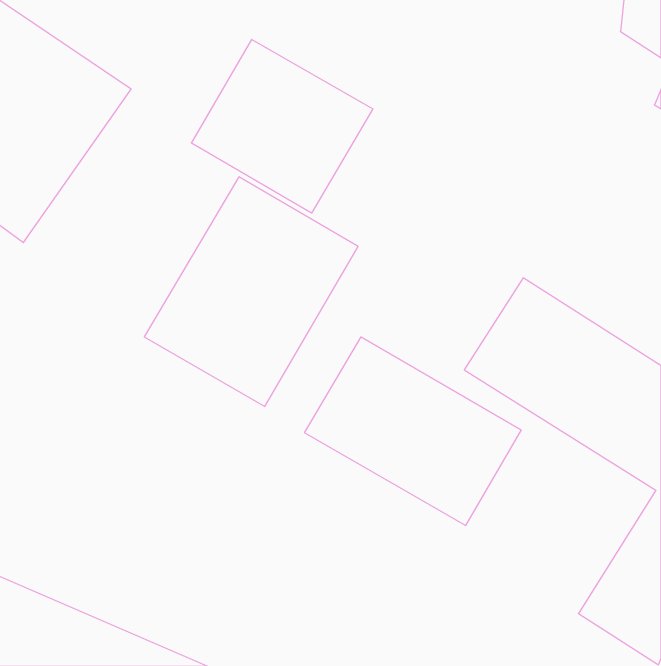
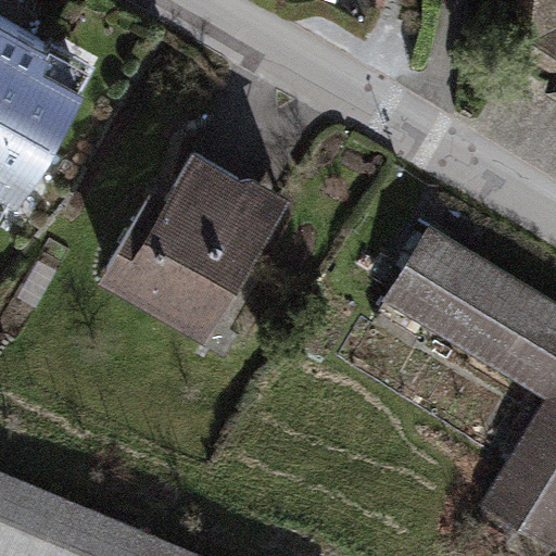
building: [191,39,373,213] -> none
building: [305,337,521,525] -> none

